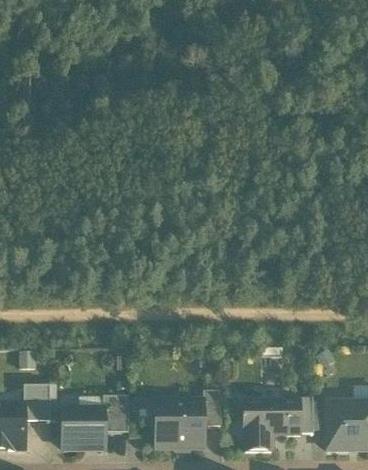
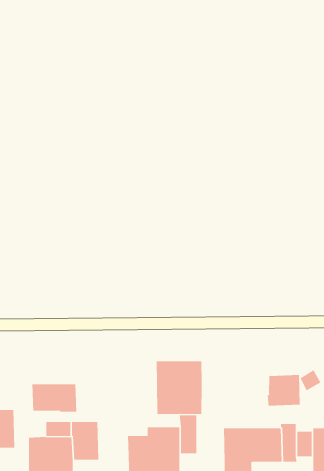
building: none -> [156,360,202,415]
building: none -> [267,374,300,406]
building: none -> [32,384,77,413]

